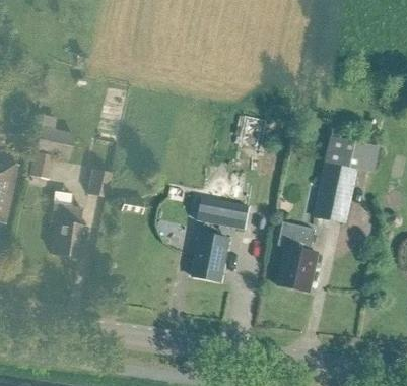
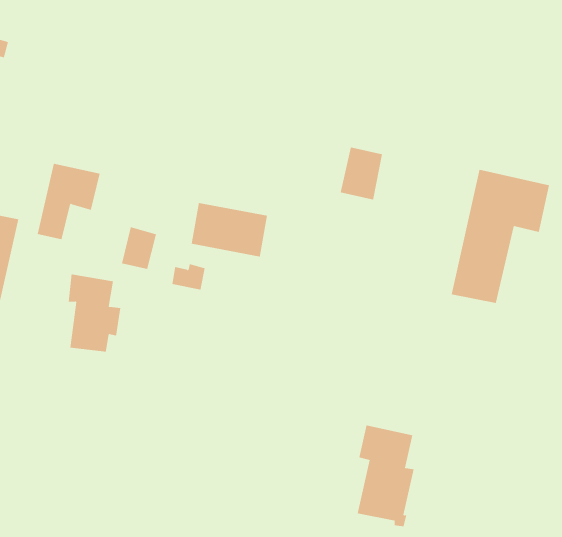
building: [196,196,249,234] -> [191,202,268,257]
building: [278,221,318,292] -> [357,425,415,527]
building: [196,233,234,281] -> none

